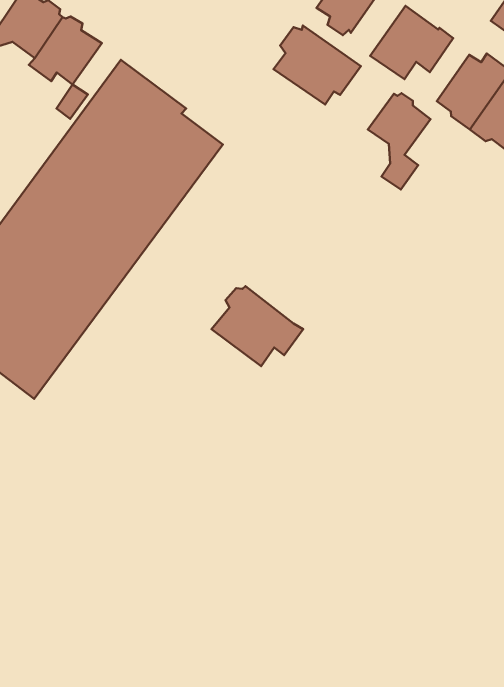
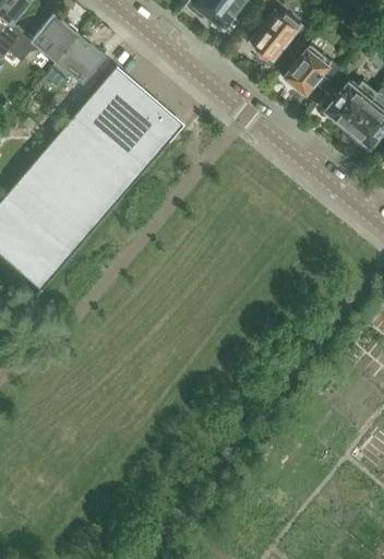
building: [274,26,361,104] -> none
building: [368,93,430,190] -> none
building: [211,286,303,366] -> none

